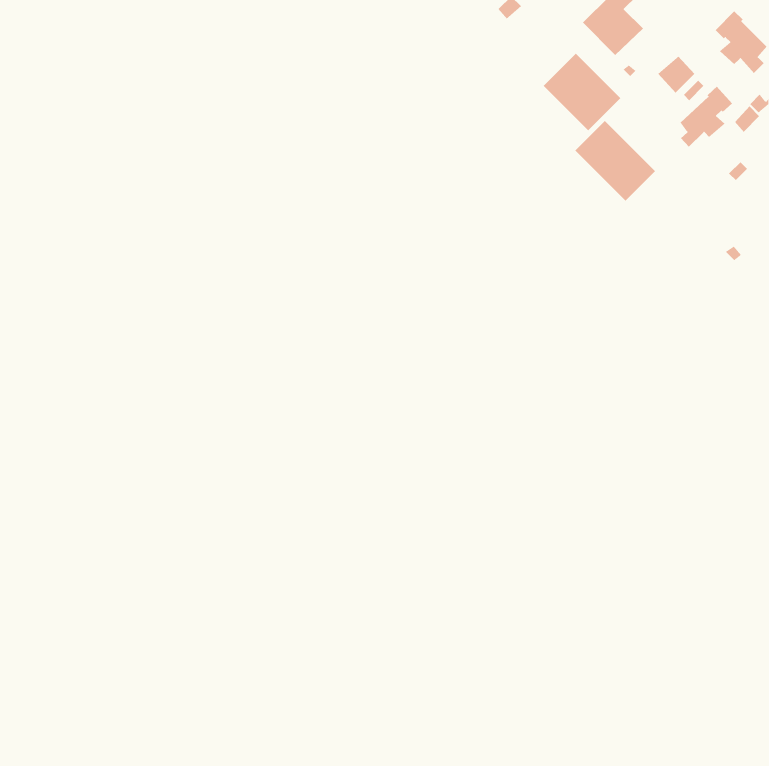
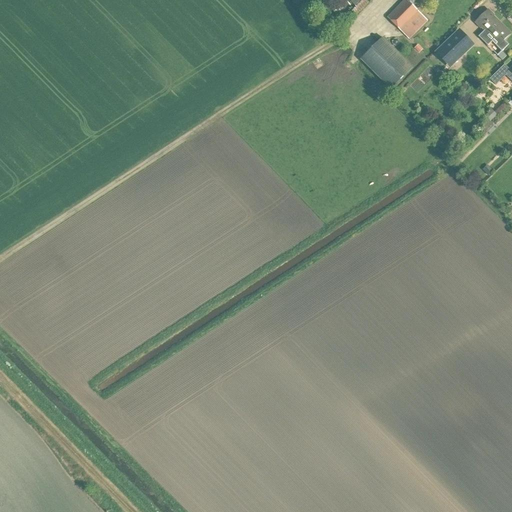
building: [680,86,733,148] -> none
building: [574,120,656,202] -> none

